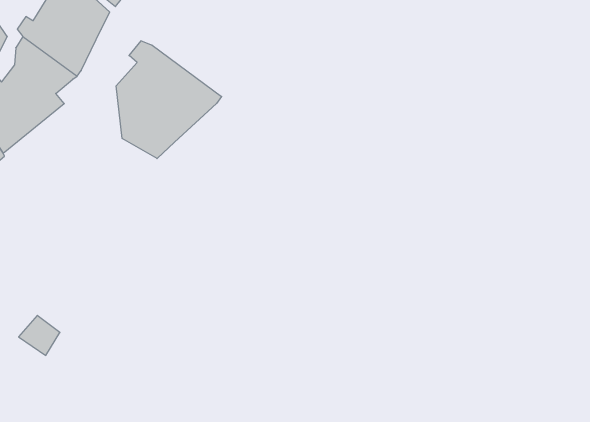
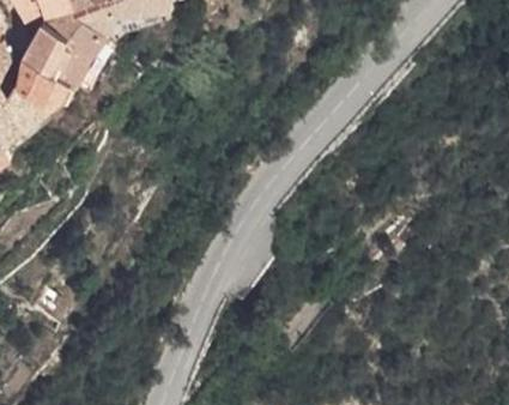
building: [116,41,222,159] -> none

